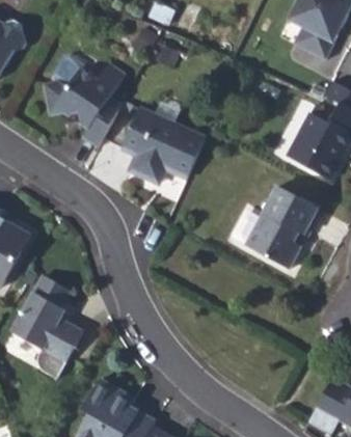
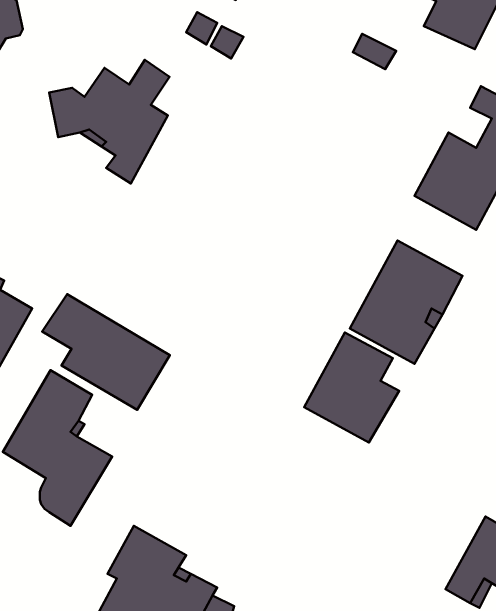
building: [122,102,205,181] -> none
building: none -> [42,294,170,410]
building: none -> [304,333,399,443]

